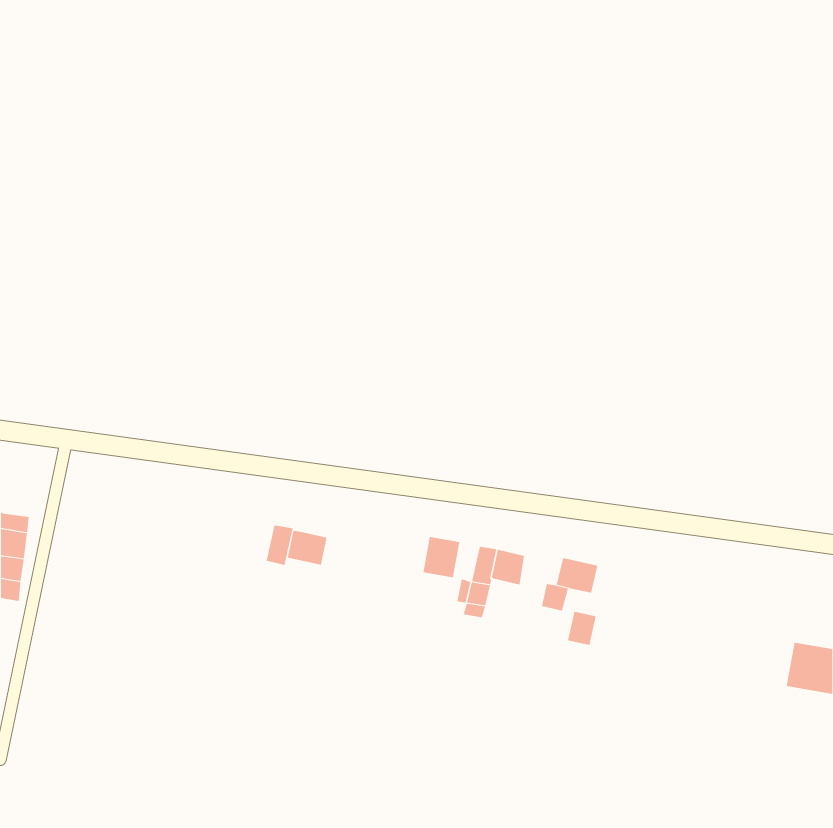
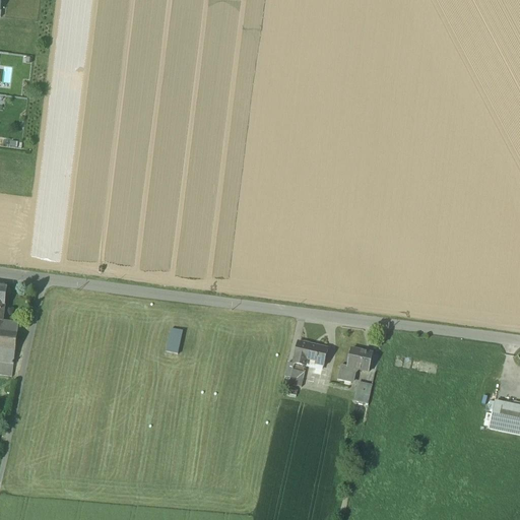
building: [287,530,327,566] -> none
building: [423,536,460,578] -> none

